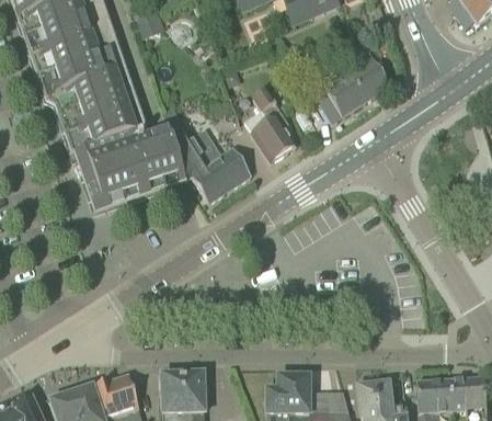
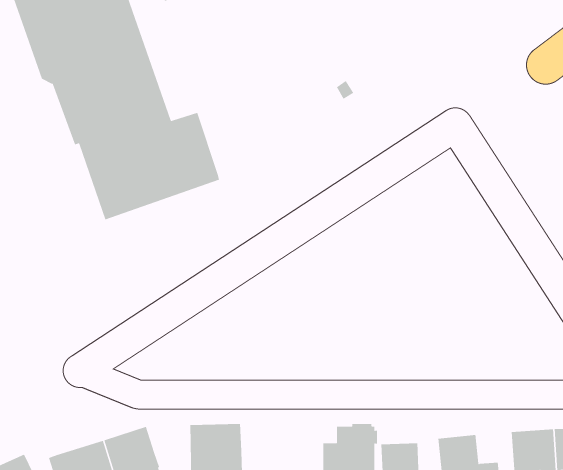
building: [316,45,391,121] -> none
building: [250,88,294,162] -> none
building: [169,117,251,201] -> none

